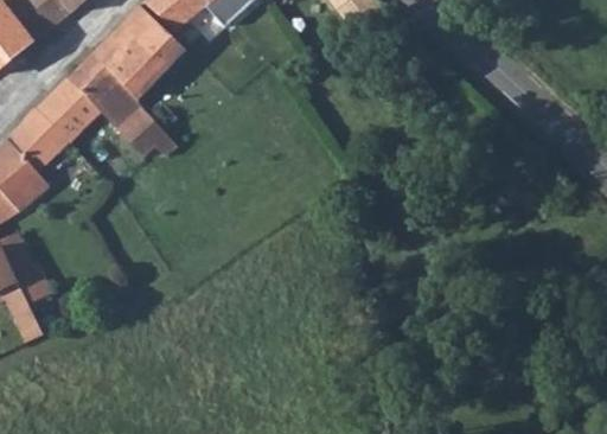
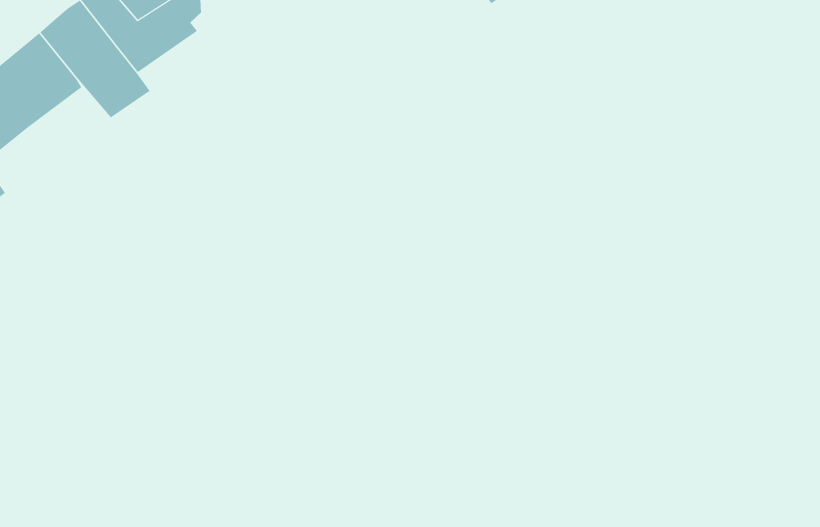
building: [120,107,175,158] -> none

